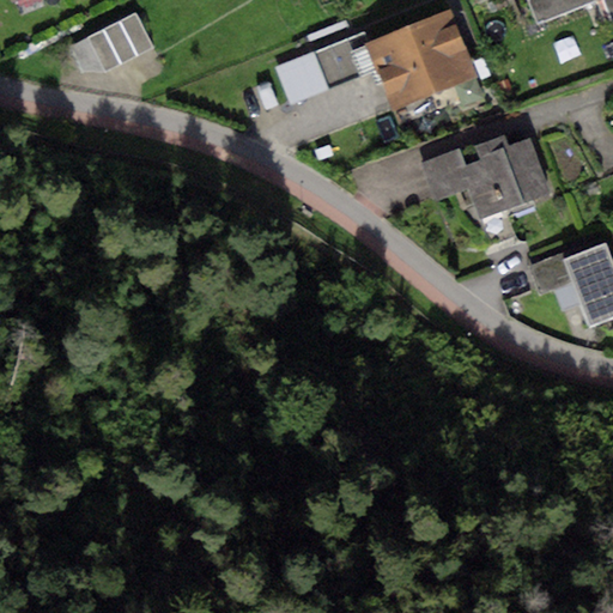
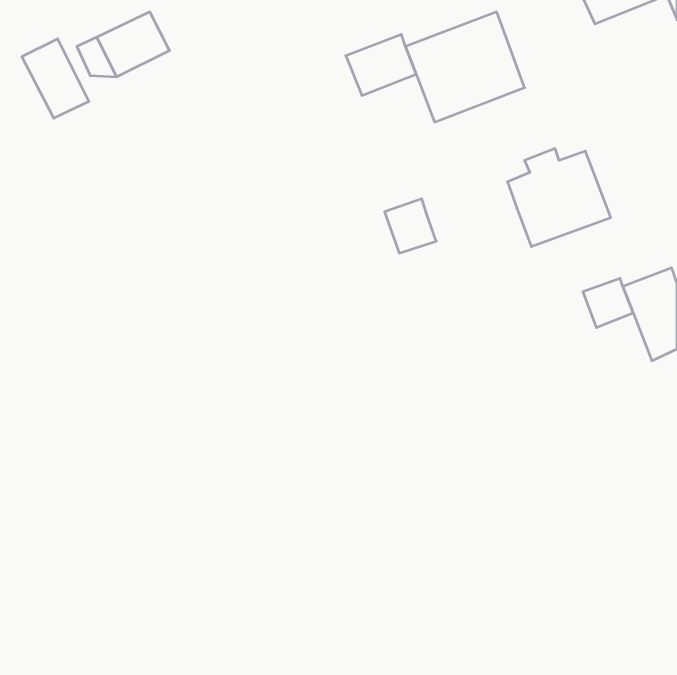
building: none -> [22,39,89,118]
building: [277,50,327,101] -> none
building: [420,150,467,199] -> [385,199,436,253]

